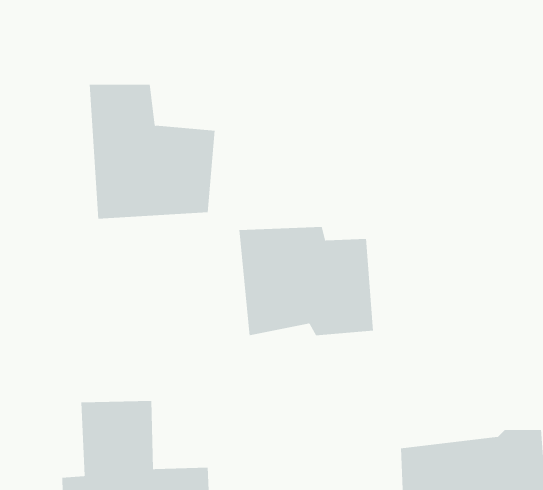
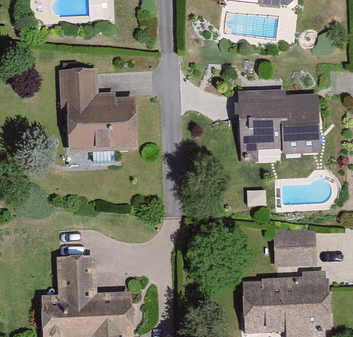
building: [239,226,374,336] -> [238,89,317,153]
building: none -> [277,231,319,265]

